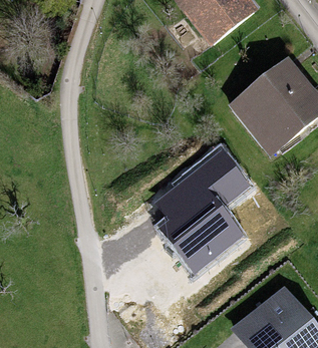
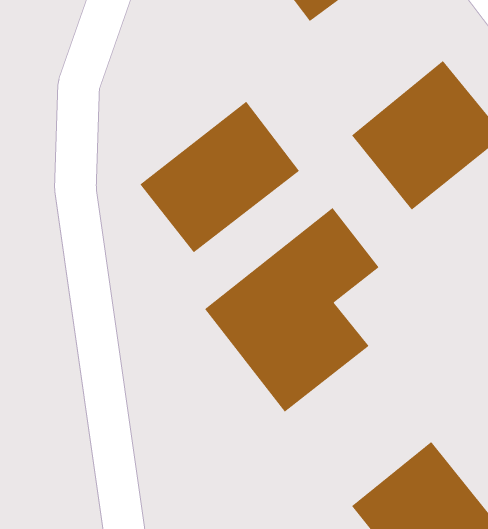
building: none -> [140,101,300,253]

